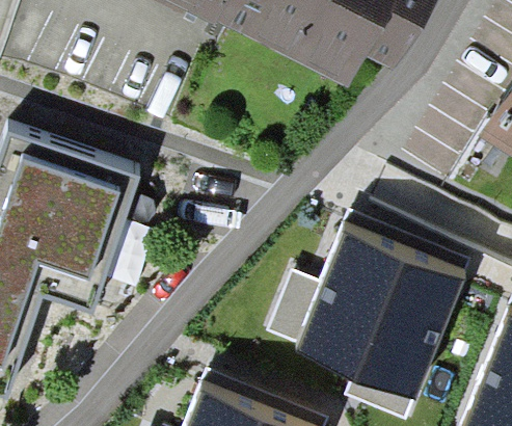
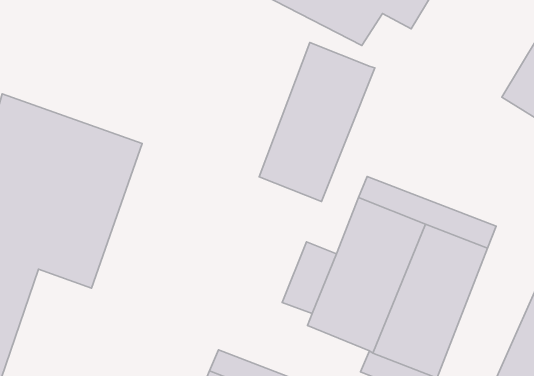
building: none -> [259,42,375,202]

